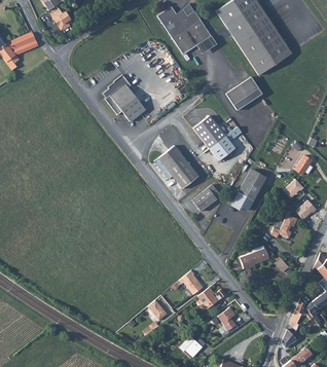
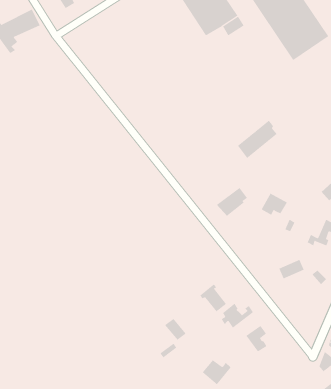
building: [104,76,146,122] -> none
building: [226,78,262,110] -> none
building: [194,117,226,150] -> none
building: [158,146,198,189] -> none
building: [240,170,267,199] -> none

